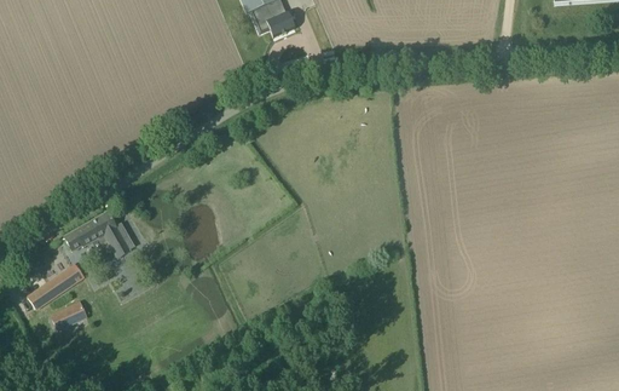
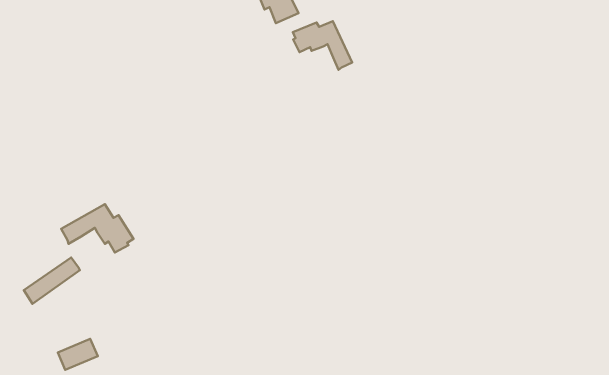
building: none -> [293,21,352,70]
building: [48,299,87,329] -> [58,339,98,370]

